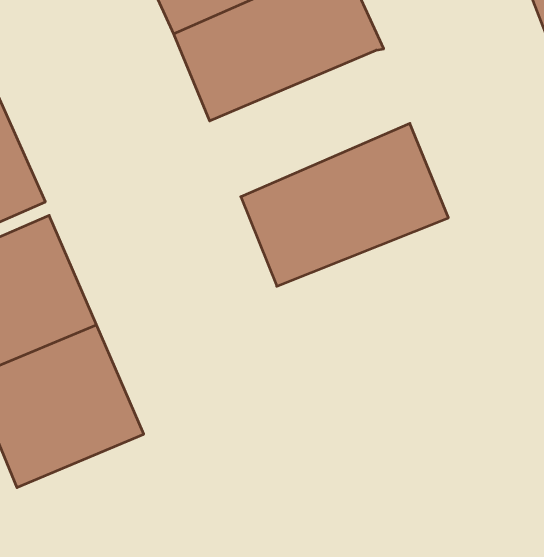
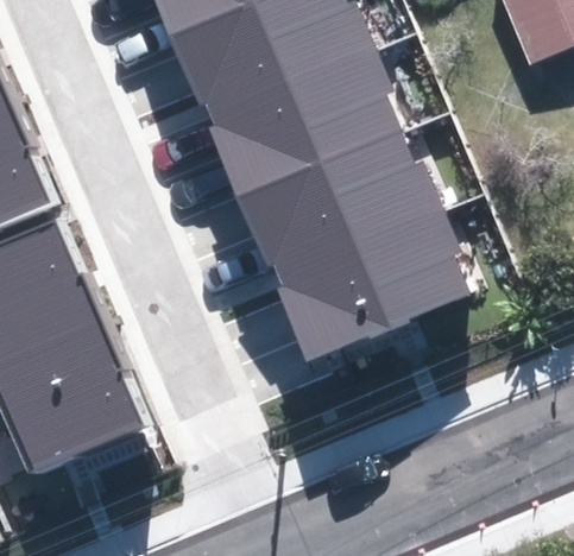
building: none -> [208,58,399,198]
building: none -> [272,219,466,360]

